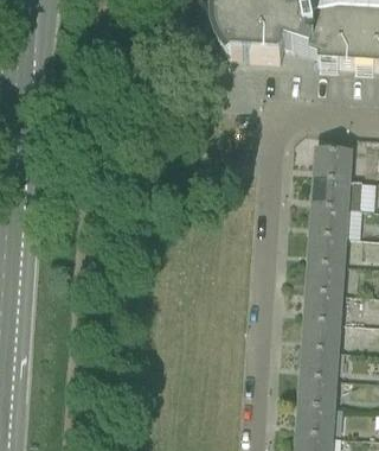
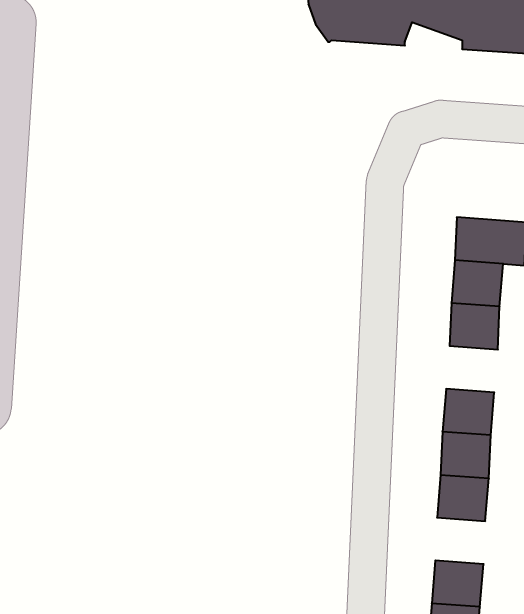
building: [315,144,349,174] -> none
building: [308,258,342,288] -> none
building: [301,371,334,402] -> none

